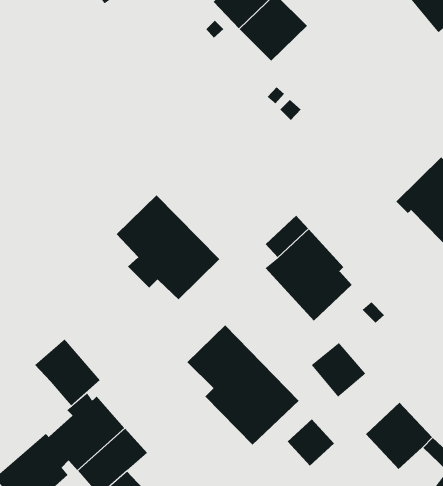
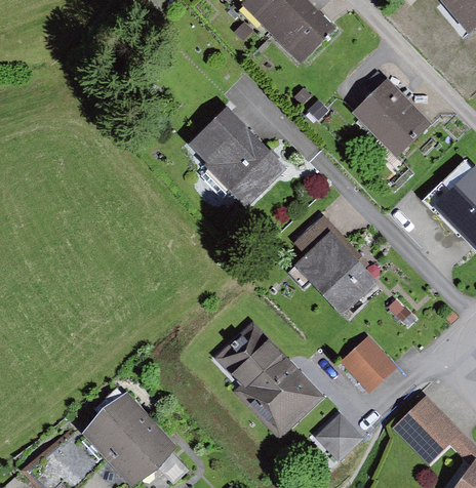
building: none -> [348,78,427,157]
building: [116,195,220,300] -> [188,105,290,208]
building: [34,339,100,406] -> none

